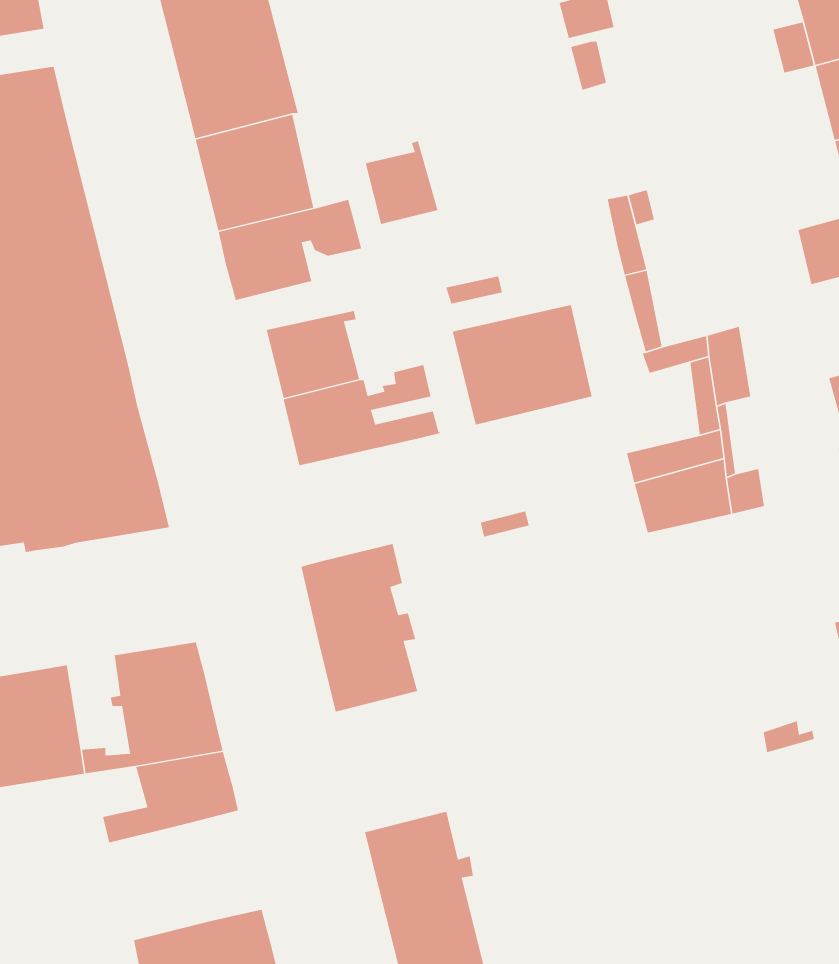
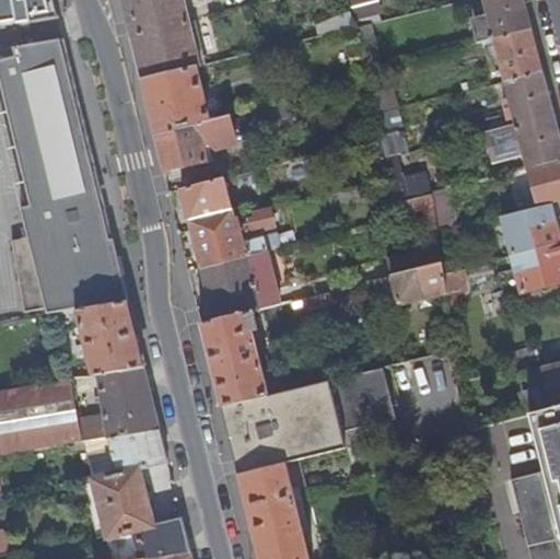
building: [365,140,439,225] -> none
building: [452,304,593,426] -> [200,252,280,321]
building: none -> [73,302,142,375]
building: none -> [221,366,395,475]
building: none -> [92,470,150,536]

